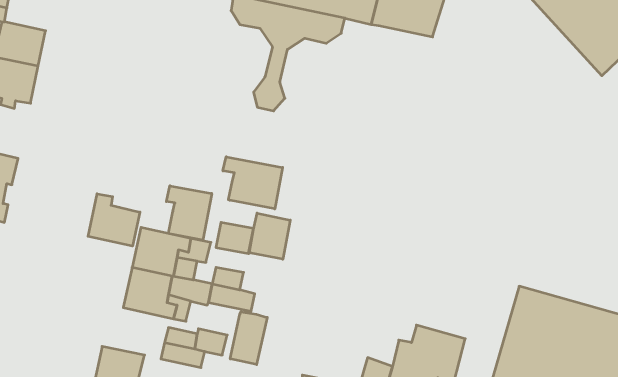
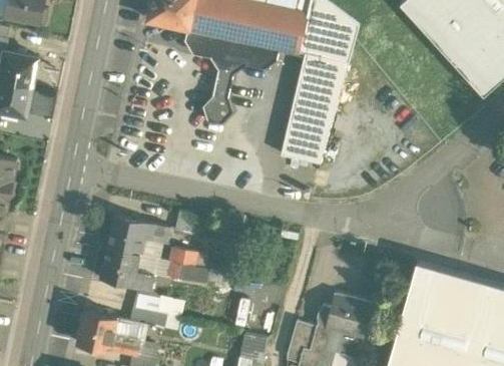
building: none -> [281,55,348,165]
building: [223,157,283,209] -> none
building: [166,186,212,240] -> none
building: [88,194,140,246] -> none
building: [250,213,290,259] -> none
building: [230,312,267,365] -> none

